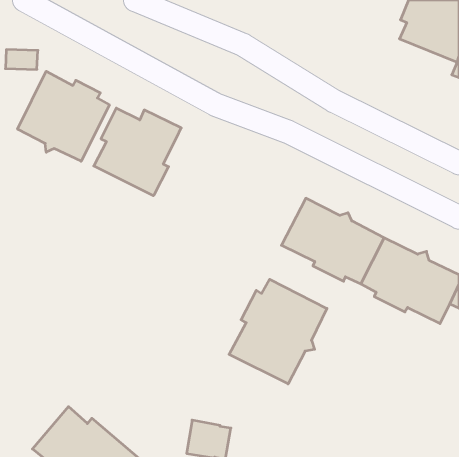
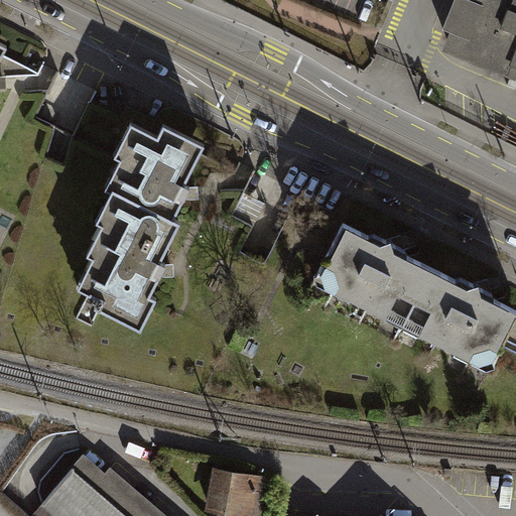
building: [18,71,109,161] -> none
building: none -> [77,189,178,333]
building: [229,279,327,384] -> none

